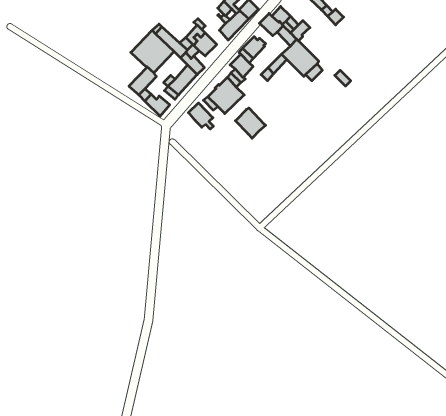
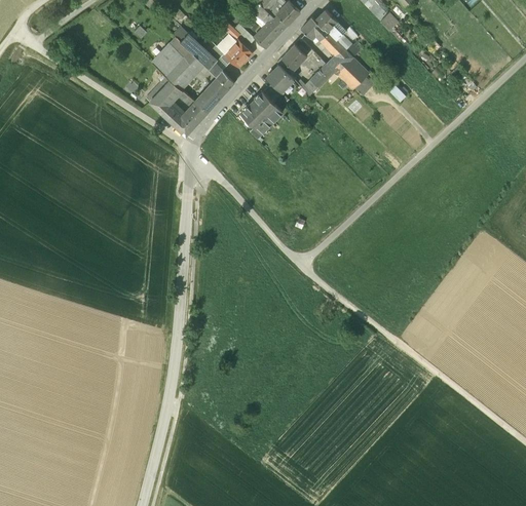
building: [188,103,213,129] -> none
building: [235,108,266,138] -> none

